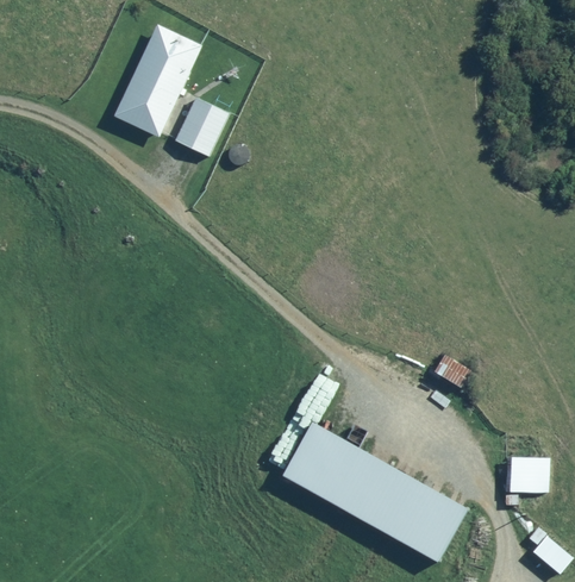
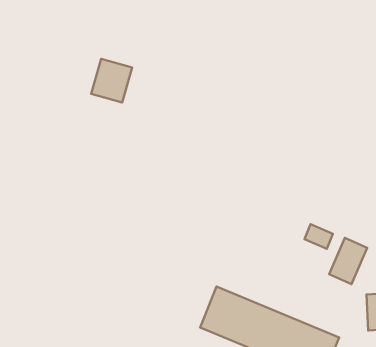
building: [112,23,204,138] -> none
building: none -> [329,238,367,284]

